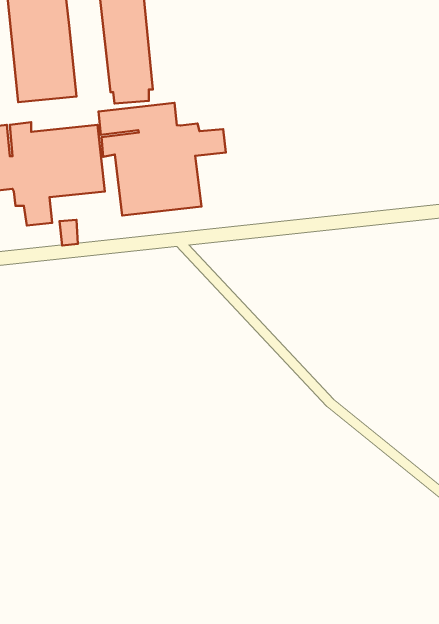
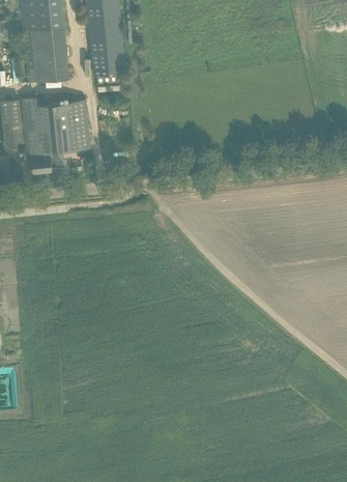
building: [98,103,226,216] -> none

